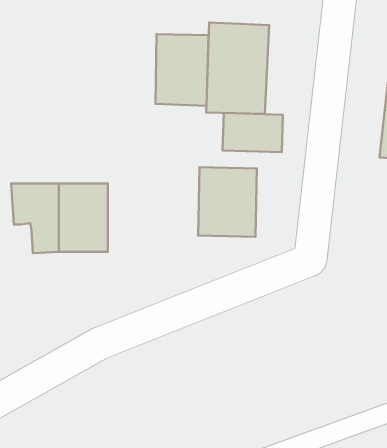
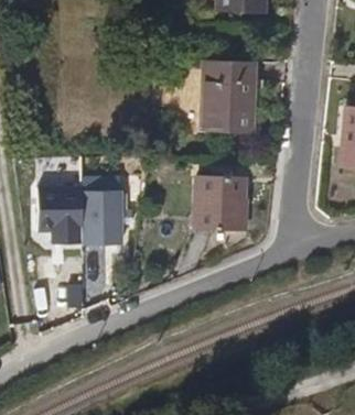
building: [156,34,209,106] -> none
building: [223,113,283,152] -> none

